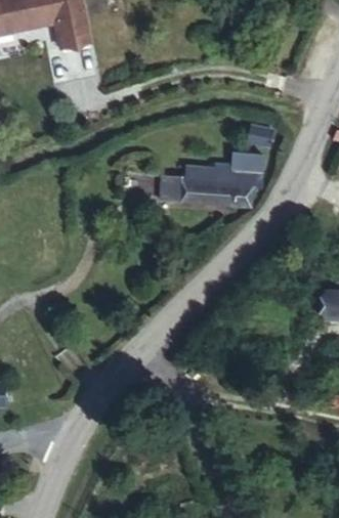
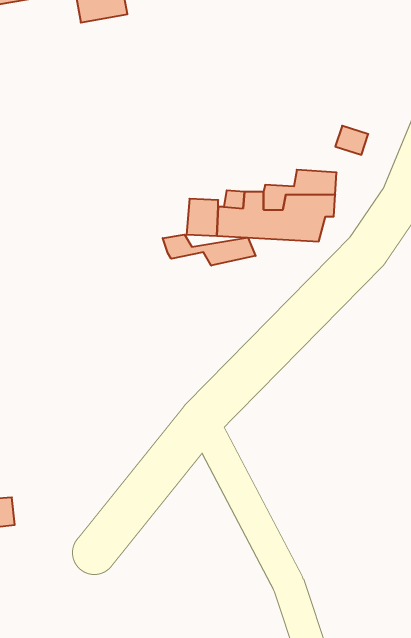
building: none -> [163,235,256,266]

